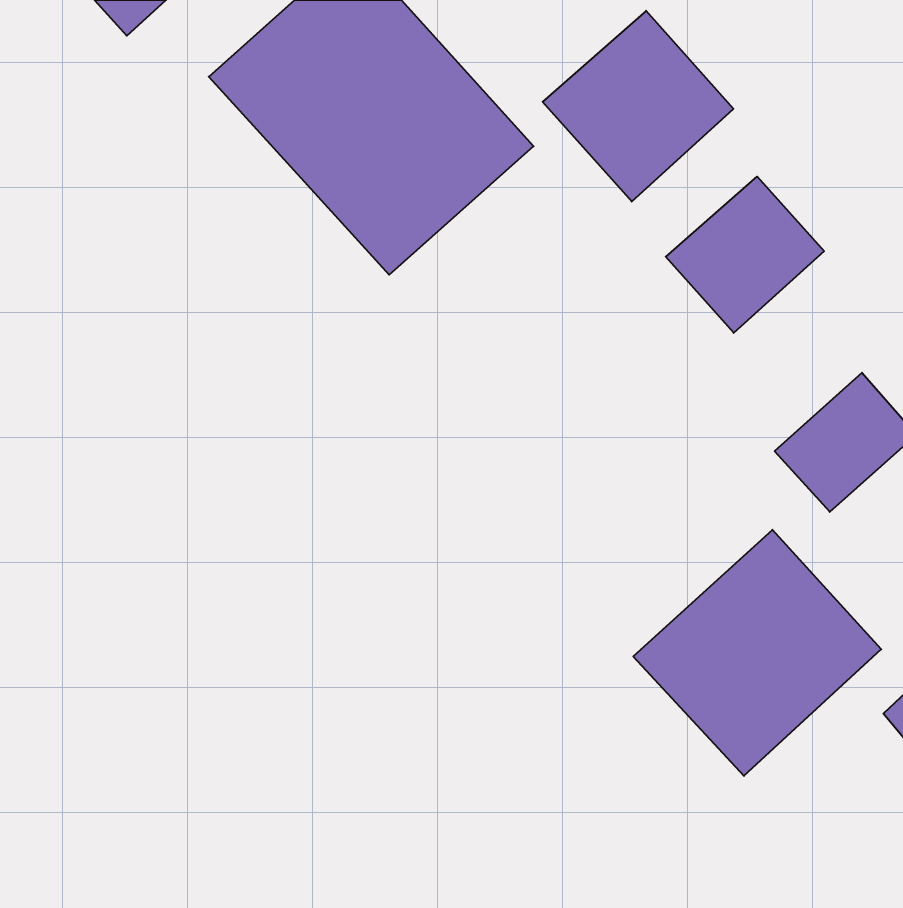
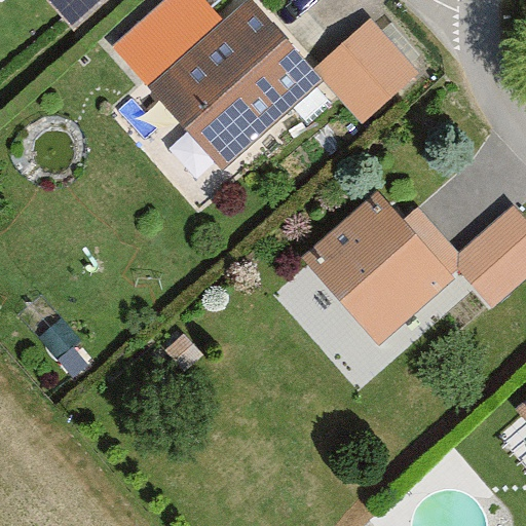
building: [666,177,824,333] -> none
building: [633,530,881,776] -> [309,204,452,346]

